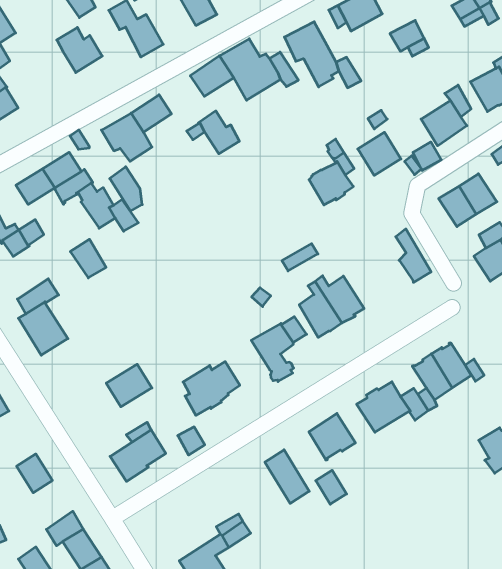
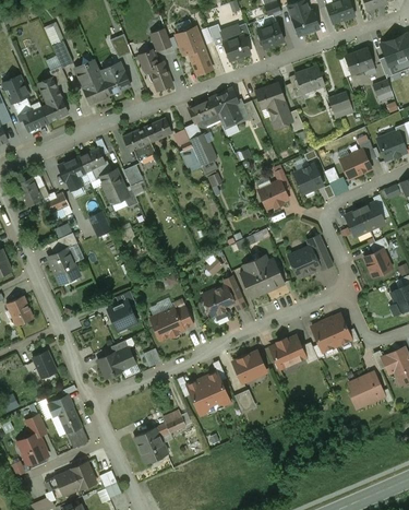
building: none -> [74,63,110,104]
building: none -> [289,247,320,277]
building: none -> [187,378,215,415]

